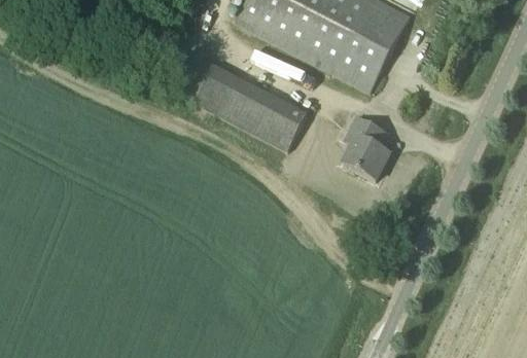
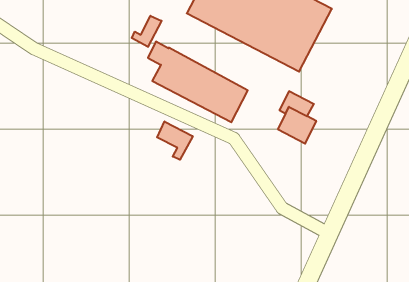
building: none -> [132,16,162,47]
building: none -> [157,121,193,160]

